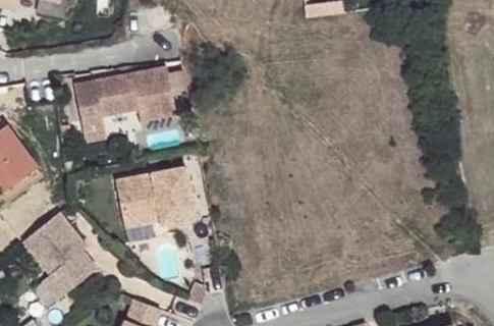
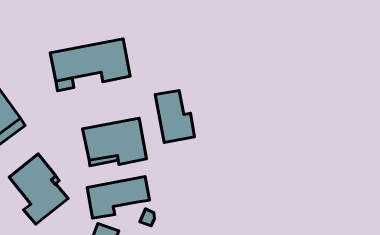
building: none -> [155,91,195,143]
building: none -> [87,177,149,218]

